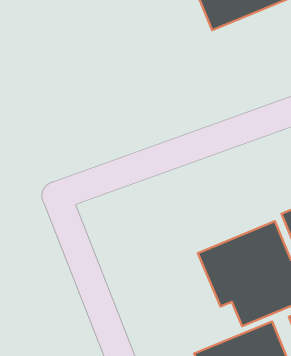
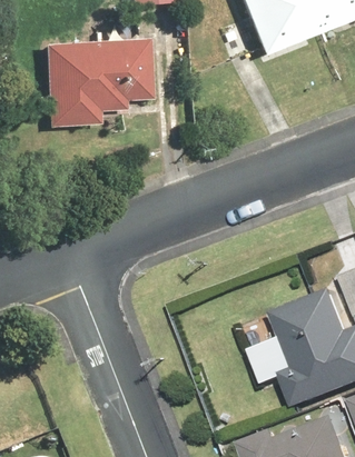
building: none -> [36,40,142,128]

